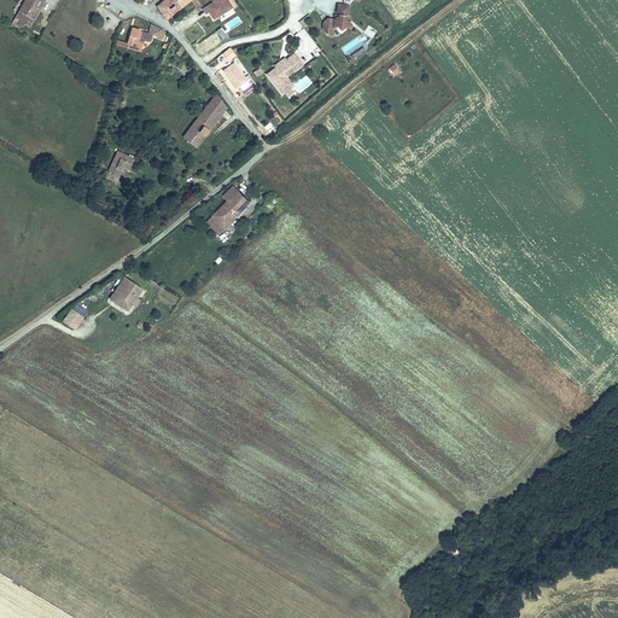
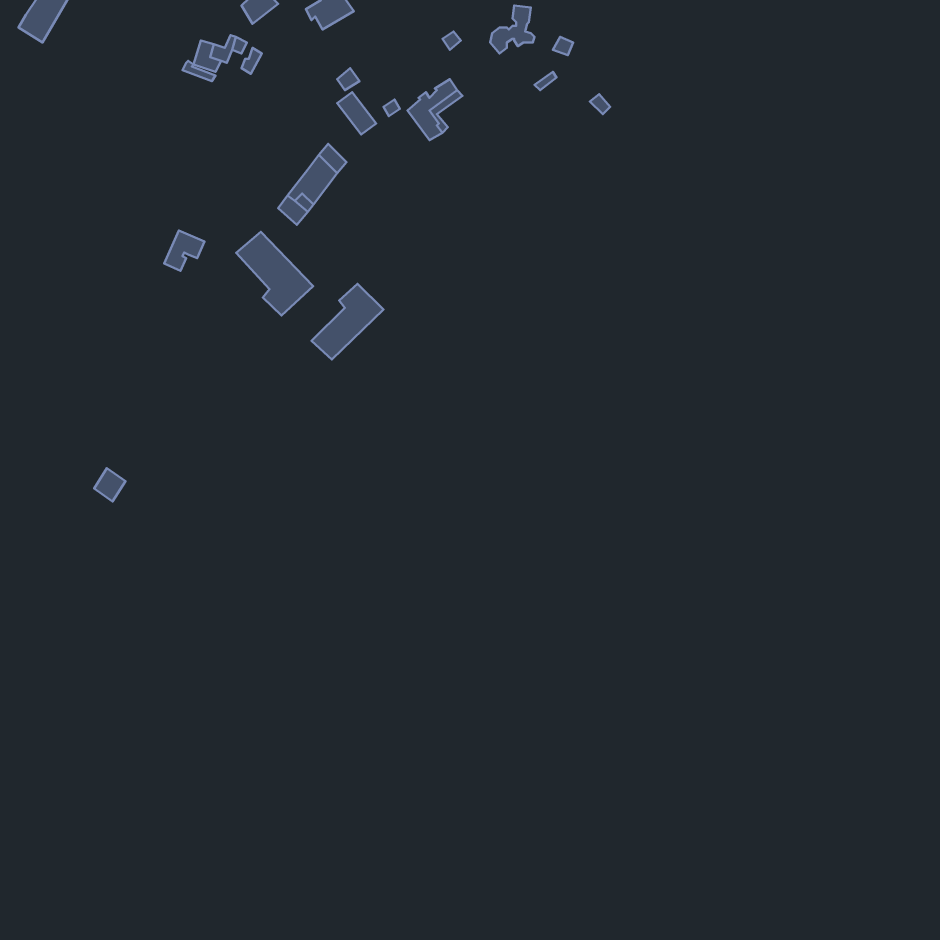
building: none -> [236,232,313,316]
building: [109,275,142,311] -> none

